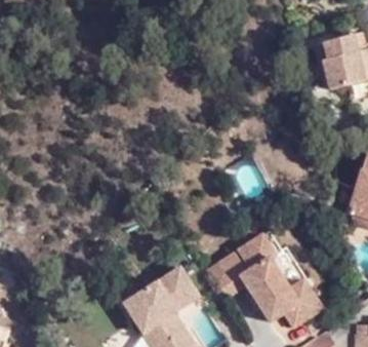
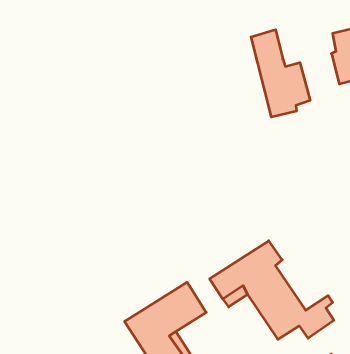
building: none -> [251,30,310,117]

